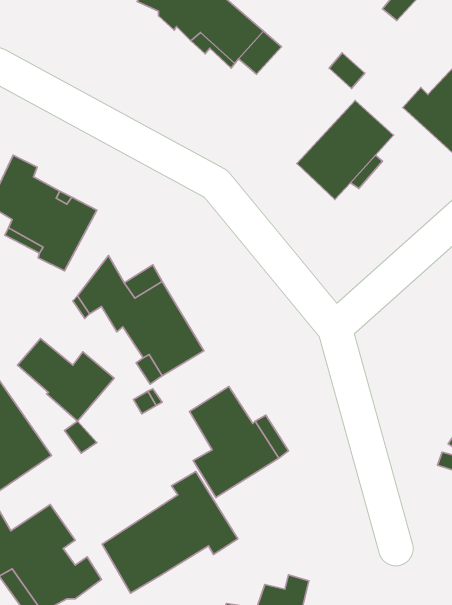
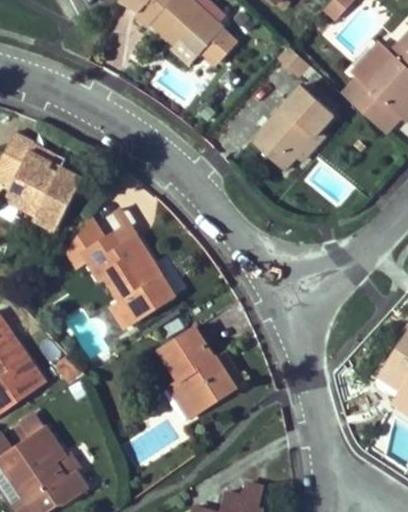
building: [17,339,114,421] -> none
building: [102,471,238,593] -> none

